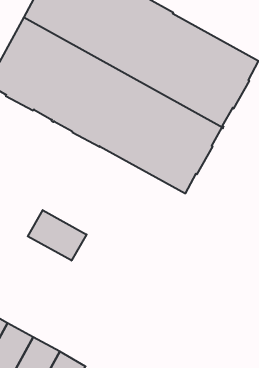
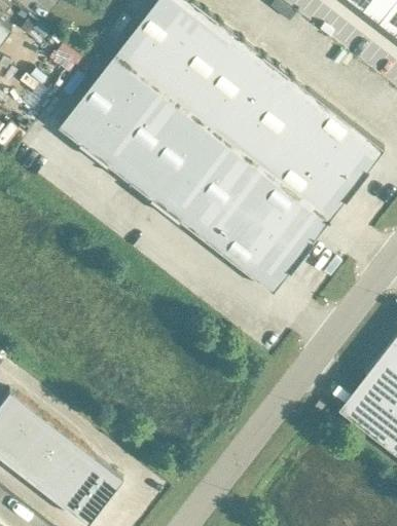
building: [28,210,87,261] -> none

